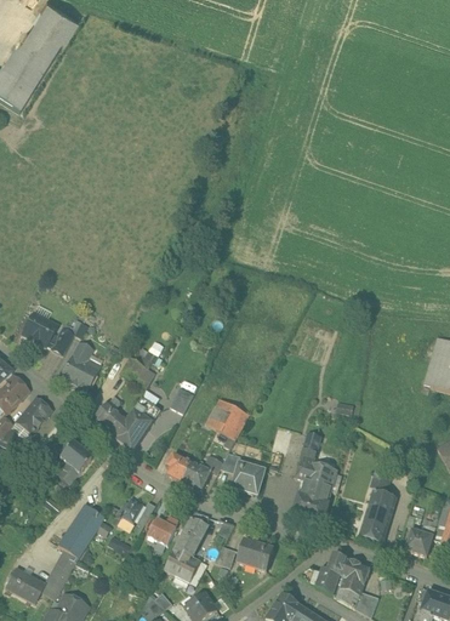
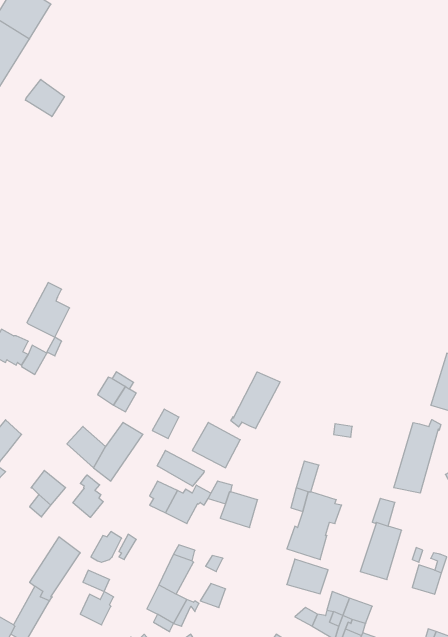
building: none -> [25,79,64,117]
building: [61,342,99,392] -> [27,283,70,337]
building: none -> [231,372,280,429]
building: none -> [394,420,441,493]
building: none -> [157,450,204,486]
building: none -> [73,475,103,517]
building: [148,514,178,545] -> [80,592,114,625]
building: [237,539,274,570] -> [287,559,328,594]

